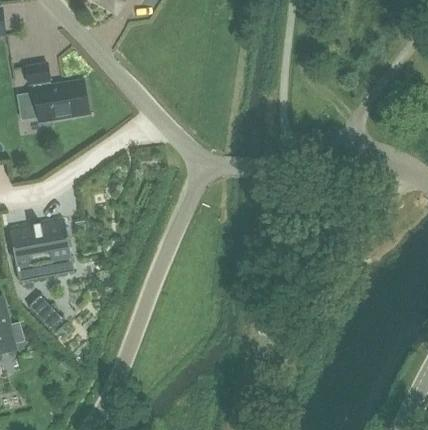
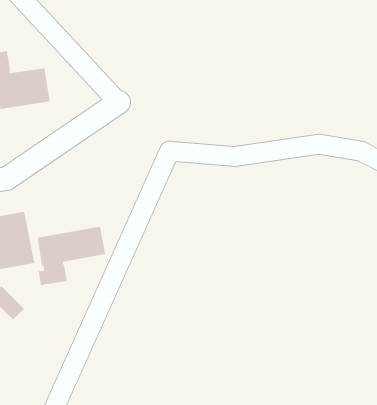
building: none -> [37,226,106,286]

